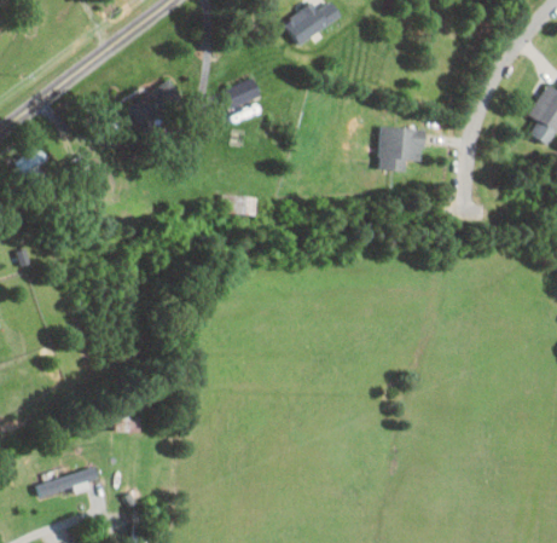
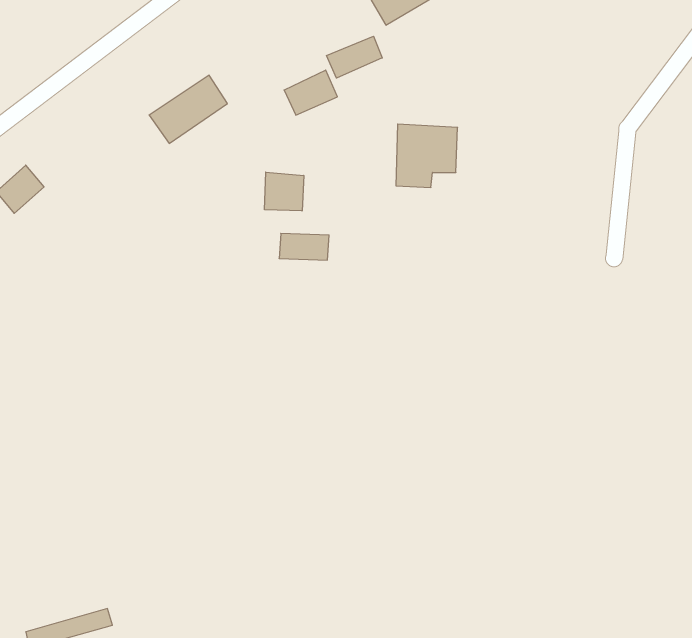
building: none -> [326,36,382,78]
building: [378,127,423,173] -> [396,124,458,187]
building: none -> [265,172,304,211]

